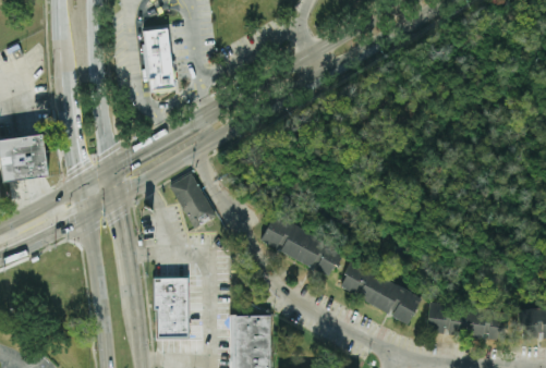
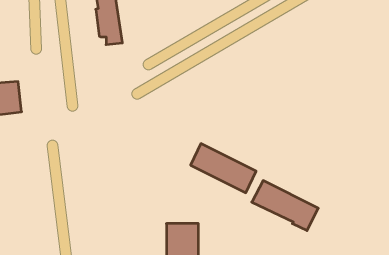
building: [169,172,215,228] -> none
building: [154,279,187,338] -> none
building: [425,302,507,340] -> none

